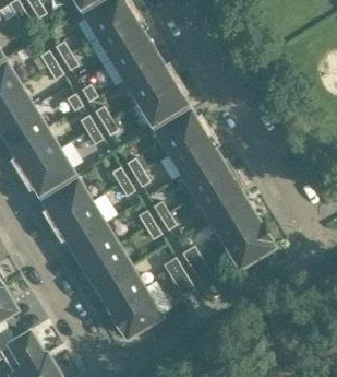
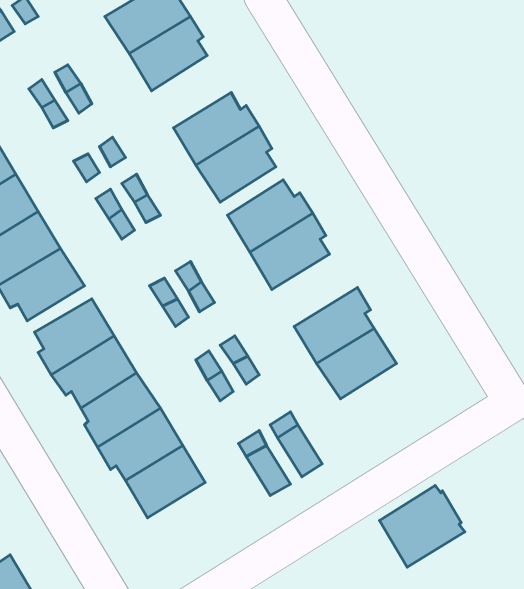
building: [113,38,160,81] -> none
building: [184,155,234,198] -> none
building: [225,220,275,268] -> [379,485,465,567]
building: [111,290,161,338] -> none

